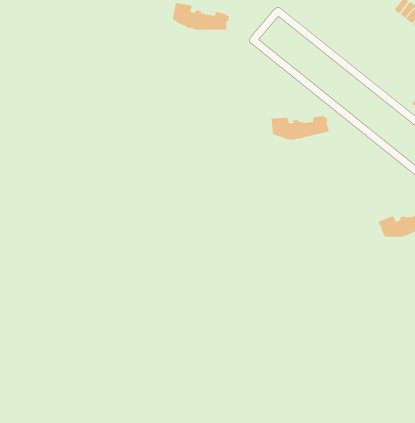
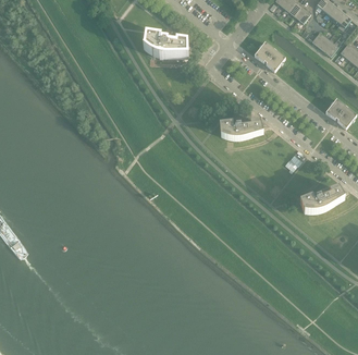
building: none -> [252,40,284,71]

